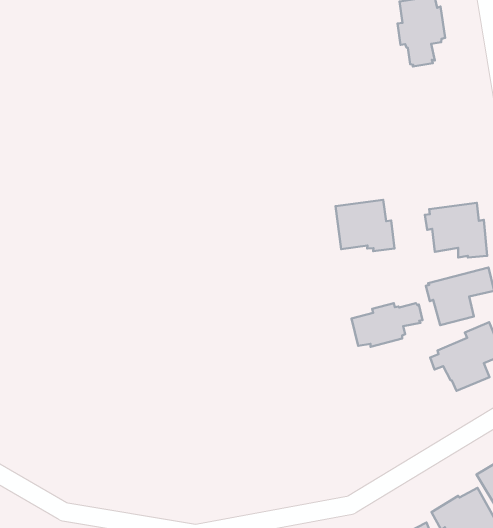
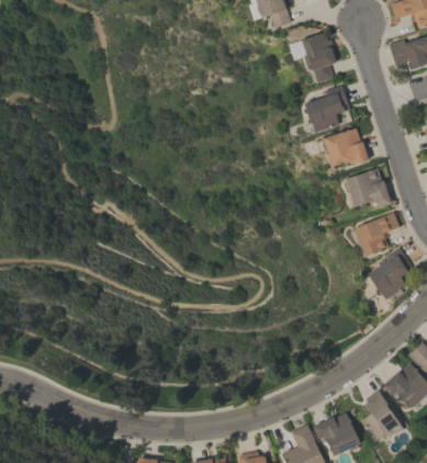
building: none -> [302,86,349,133]
building: [336,200,394,251] -> [324,128,369,167]
building: [352,303,423,347] -> none

